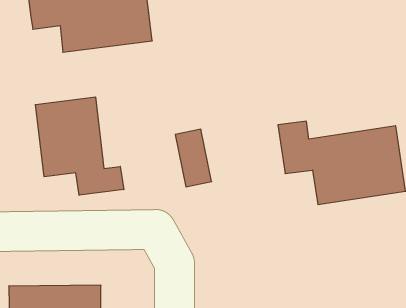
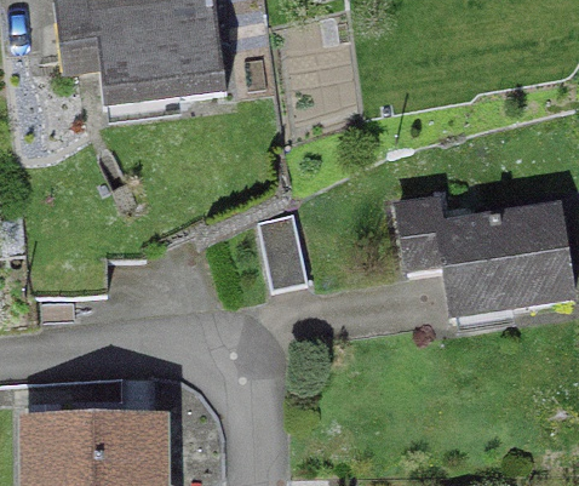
building: [35,97,124,195] -> none

